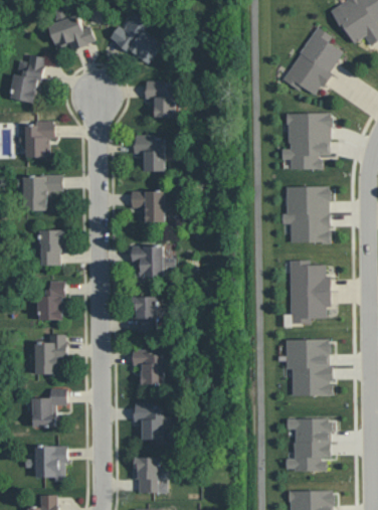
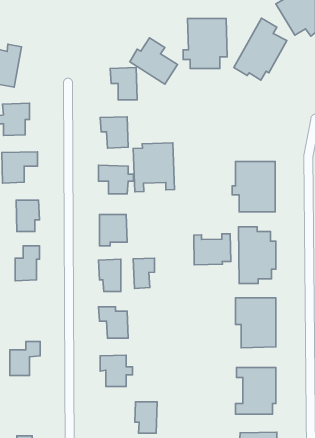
building: [110,12,163,64] -> [130,38,177,84]
building: [48,15,96,49] -> none
building: [281,113,331,169] -> [183,18,227,69]
building: none -> [133,143,174,192]
building: none -> [194,234,231,265]
building: none -> [133,258,155,289]
building: [35,334,67,374] -> none
building: [35,445,66,481] -> none
building: [134,457,159,492] -> [135,402,157,433]

